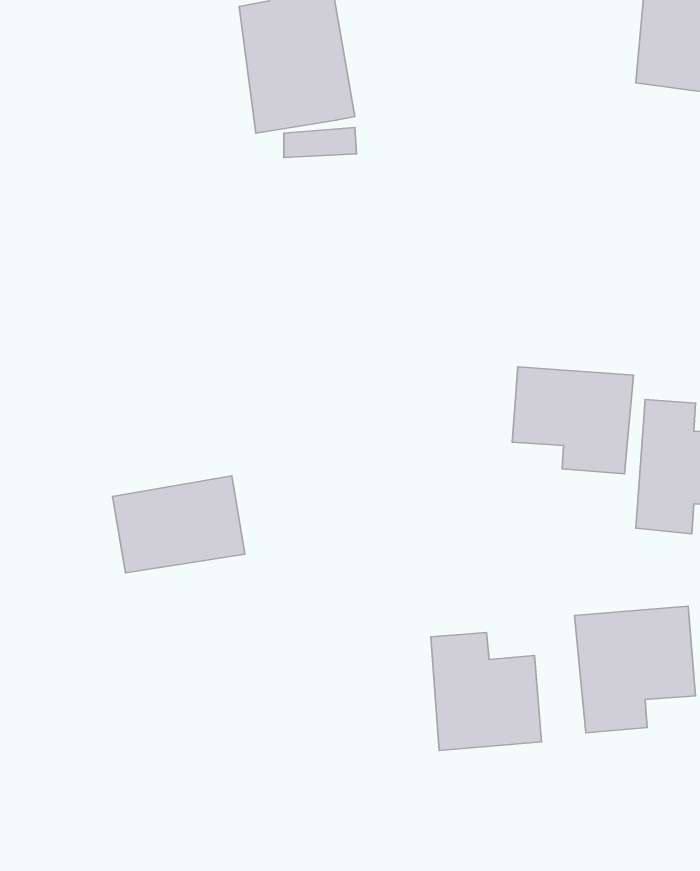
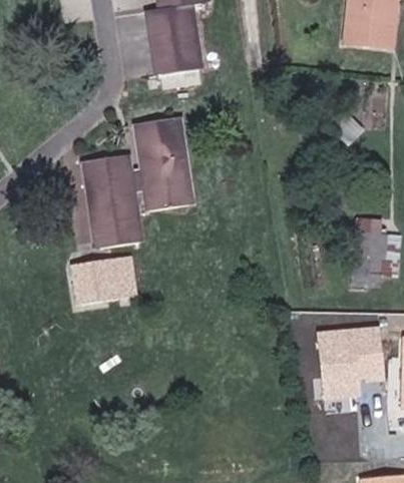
building: none -> [77,108,192,242]
building: [512,367,633,474] -> none
building: [431,633,542,750] -> none

